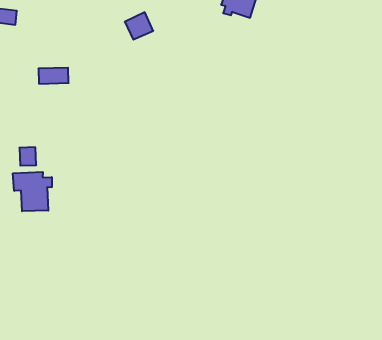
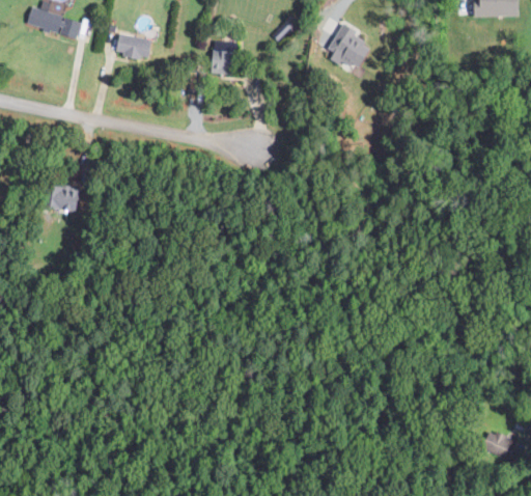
building: [38,68,69,84] -> [112,34,150,57]
building: [13,172,52,211] -> none

